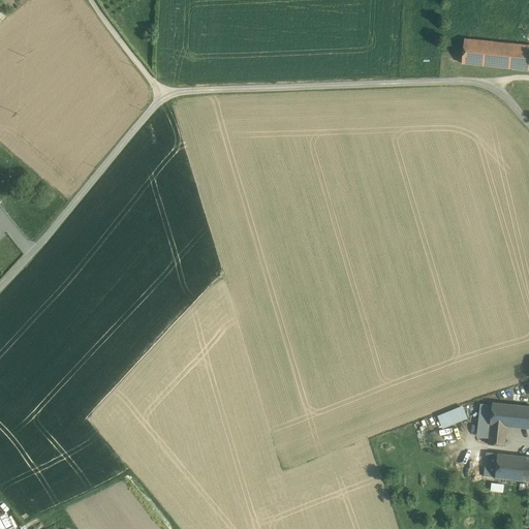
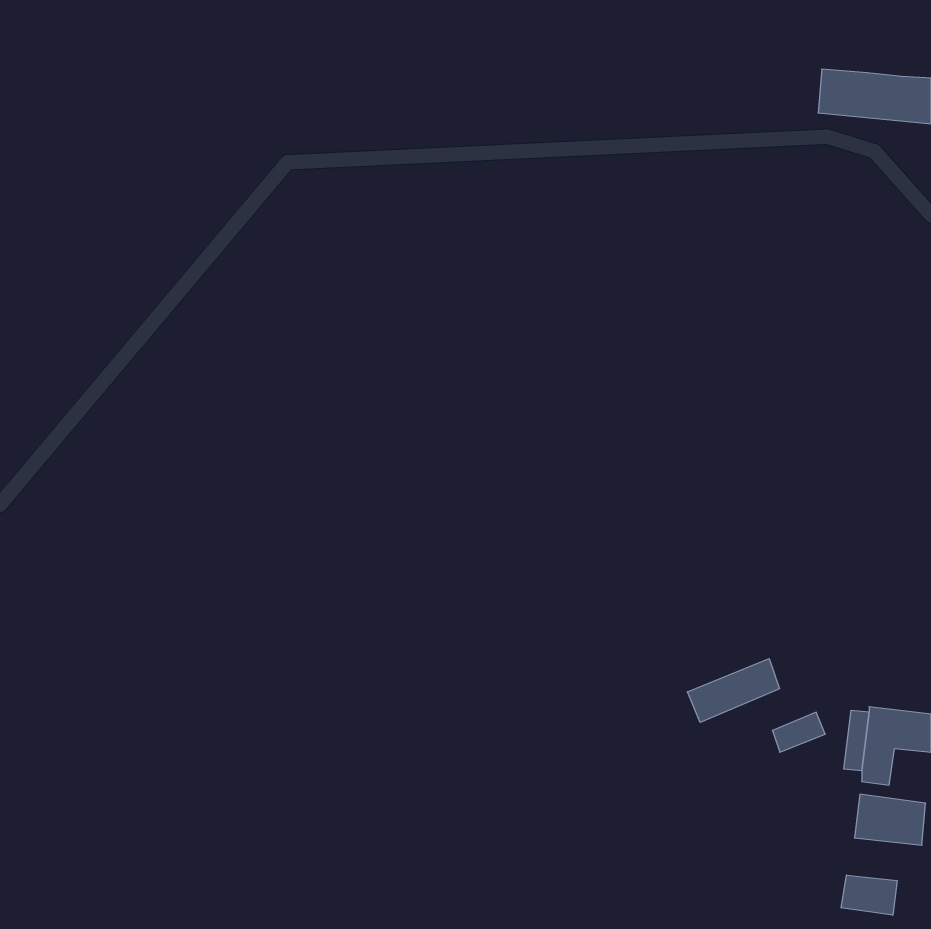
building: none -> [687,659,779,722]
building: none -> [841,875,897,915]

